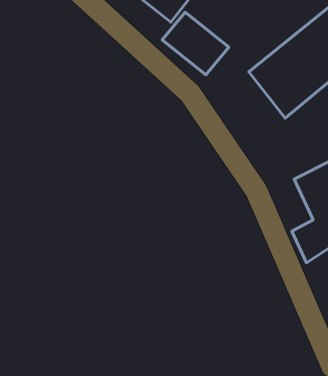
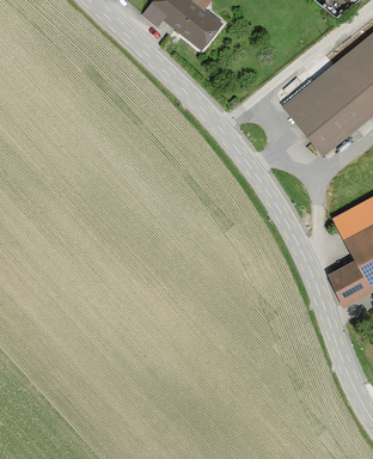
building: [162,12,229,75] -> none

